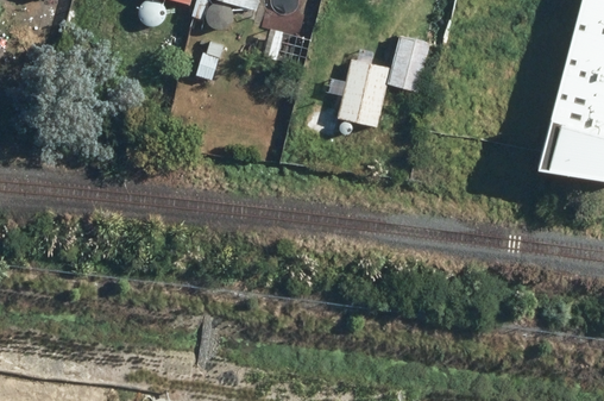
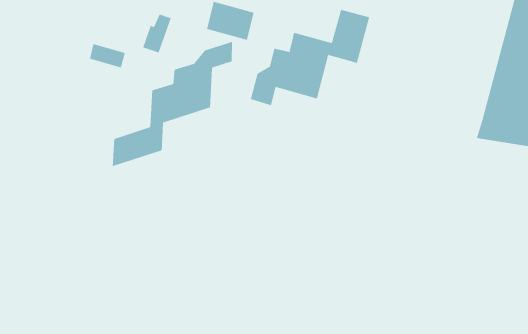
building: none -> [112,41,233,167]

